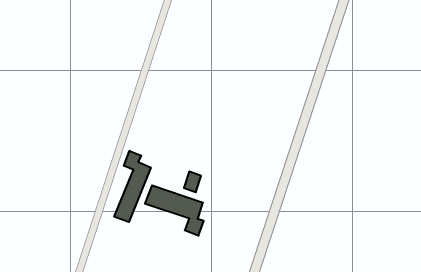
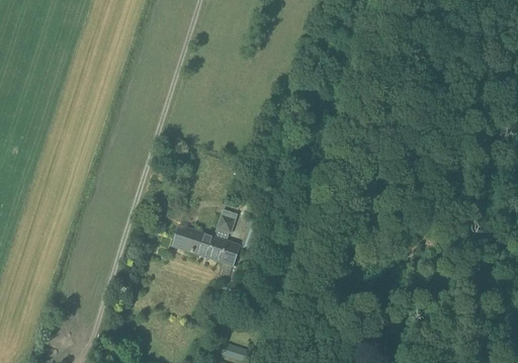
building: [114,151,151,222] -> none

